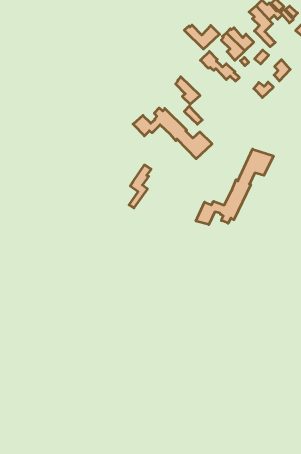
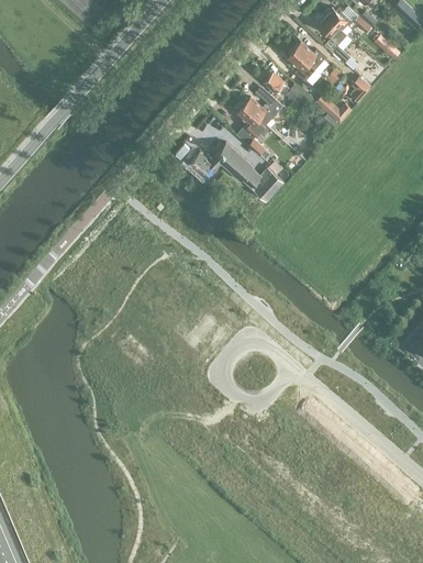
building: [184,25,220,49] -> [238,93,280,122]
building: [196,149,273,225] -> none
building: [129,165,151,208] -> none

